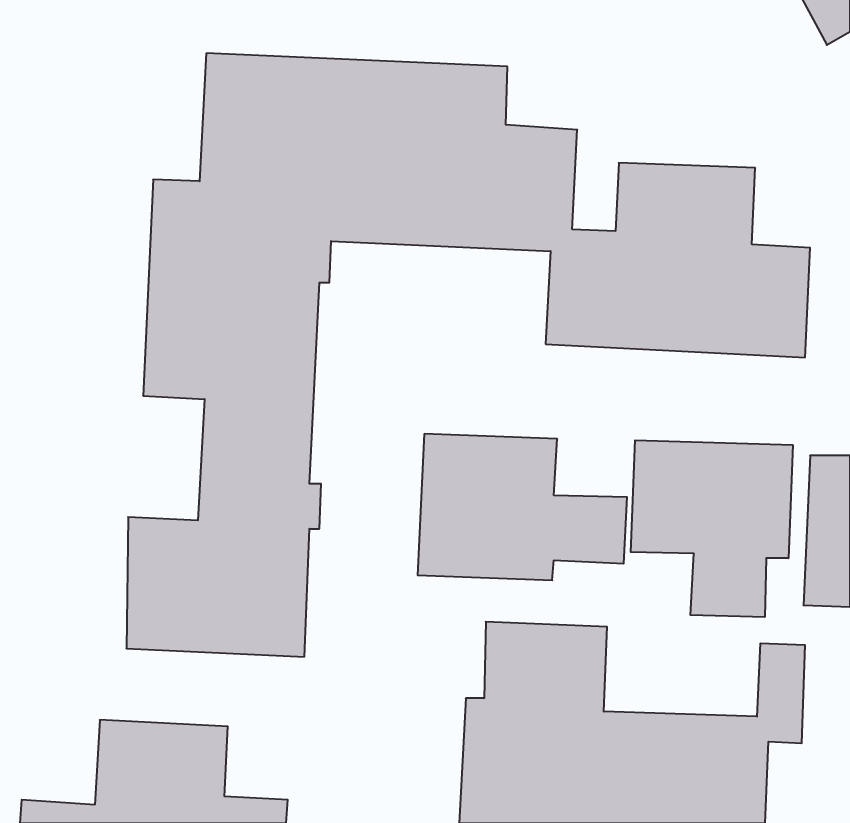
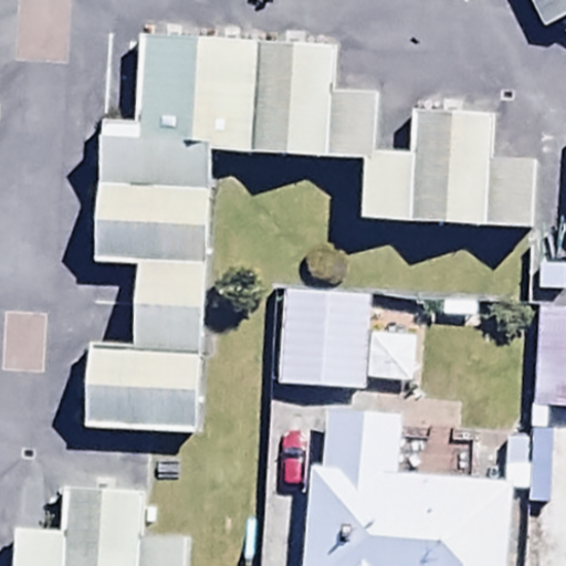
building: [631,440,793,617] -> none

